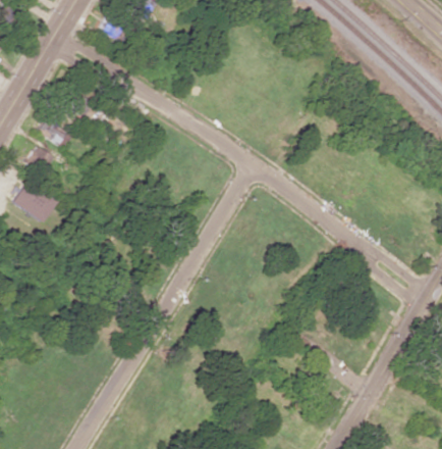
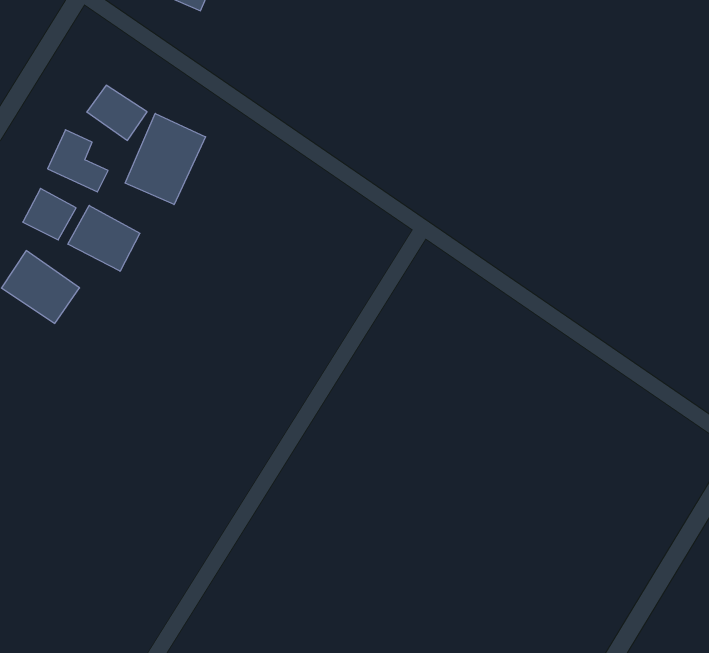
building: none -> [125,113,206,205]
building: none -> [68,205,140,271]

